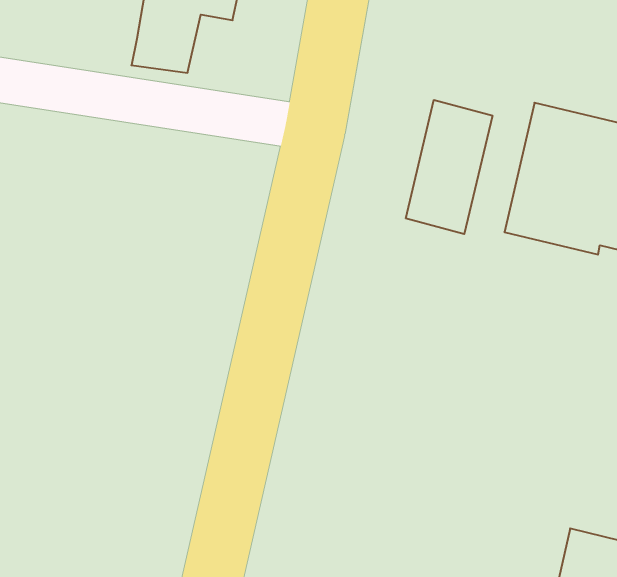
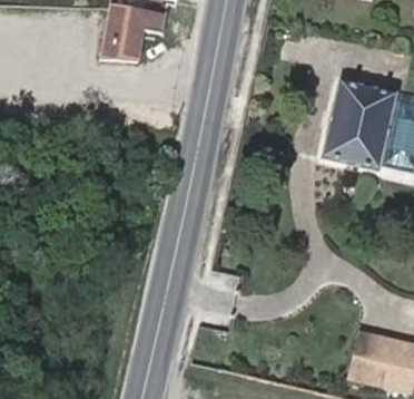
building: [406,100,492,234] -> none

